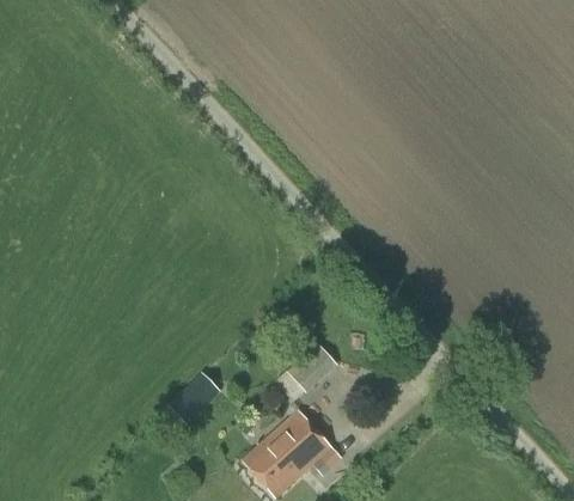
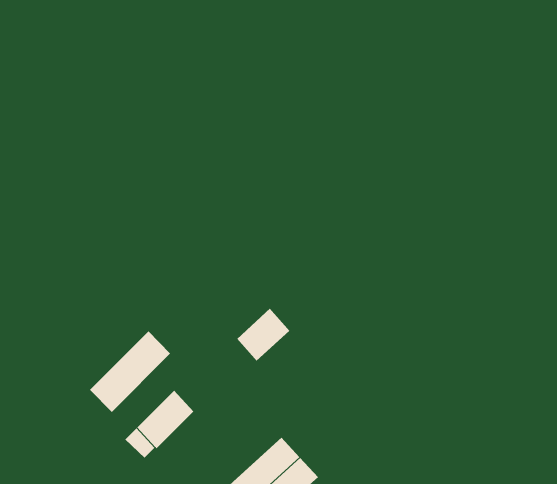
building: none -> [89,331,171,413]
building: [288,343,336,391] -> [236,308,290,362]

